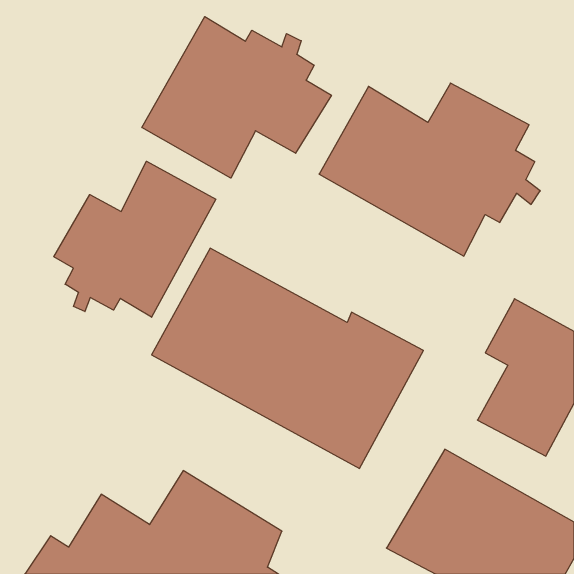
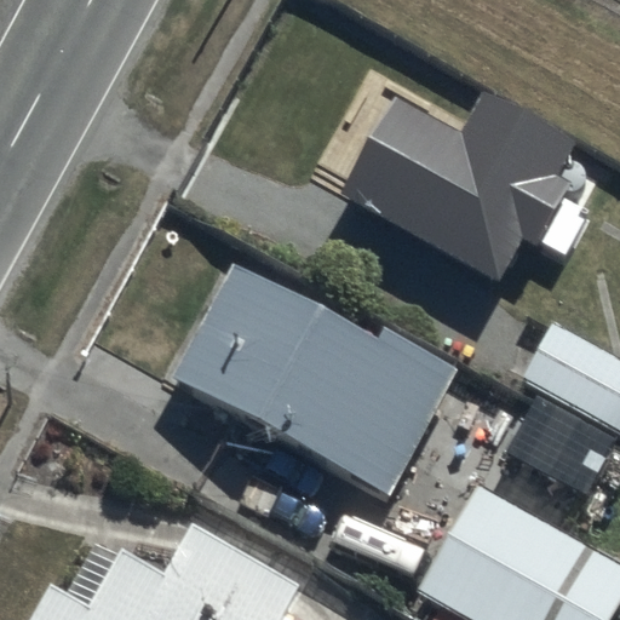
building: [142,17,331,178] -> none
building: [54,161,216,317] -> none

